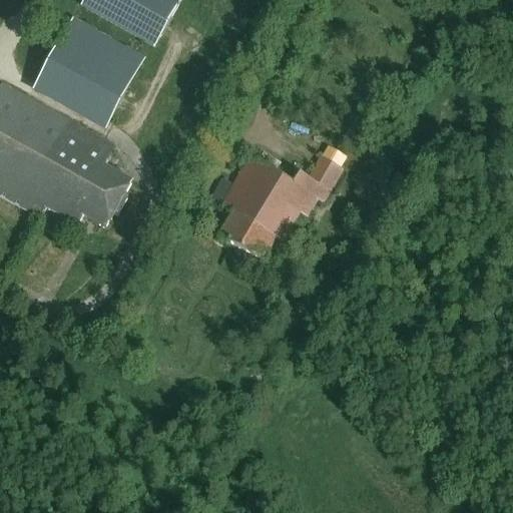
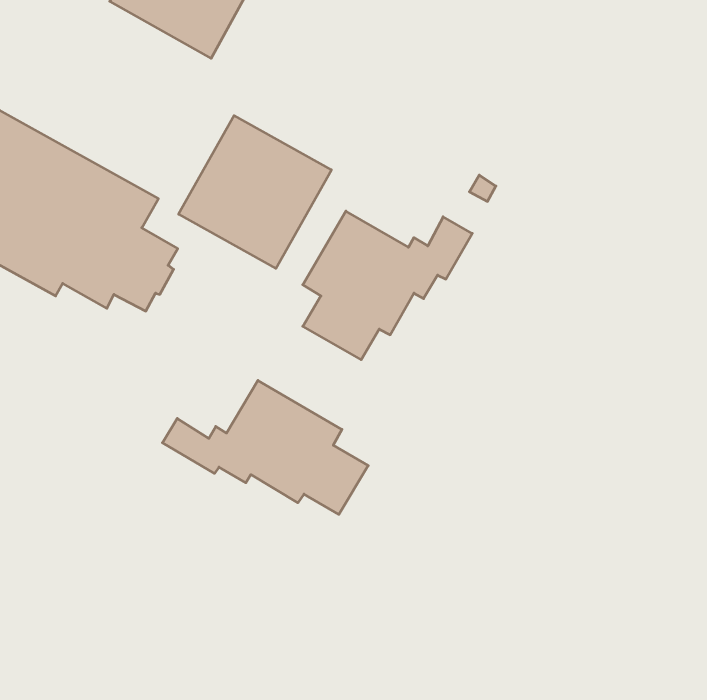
building: [33,15,143,125] -> [179,116,331,268]
building: none -> [162,380,368,514]

